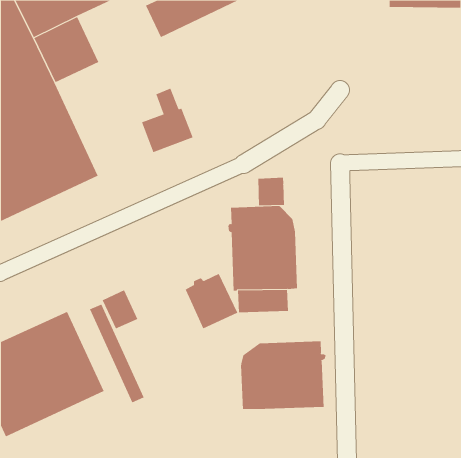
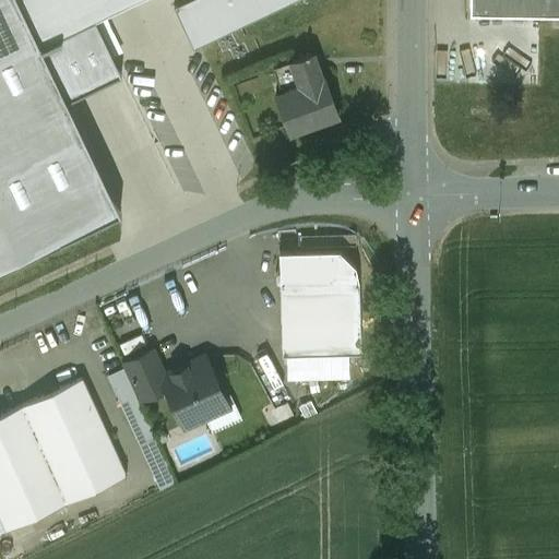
building: [141,88,193,153] -> [275,58,338,136]
building: [258,177,285,206] -> none
building: [185,273,238,329] -> [163,360,227,428]
building: [241,341,326,410] -> none

